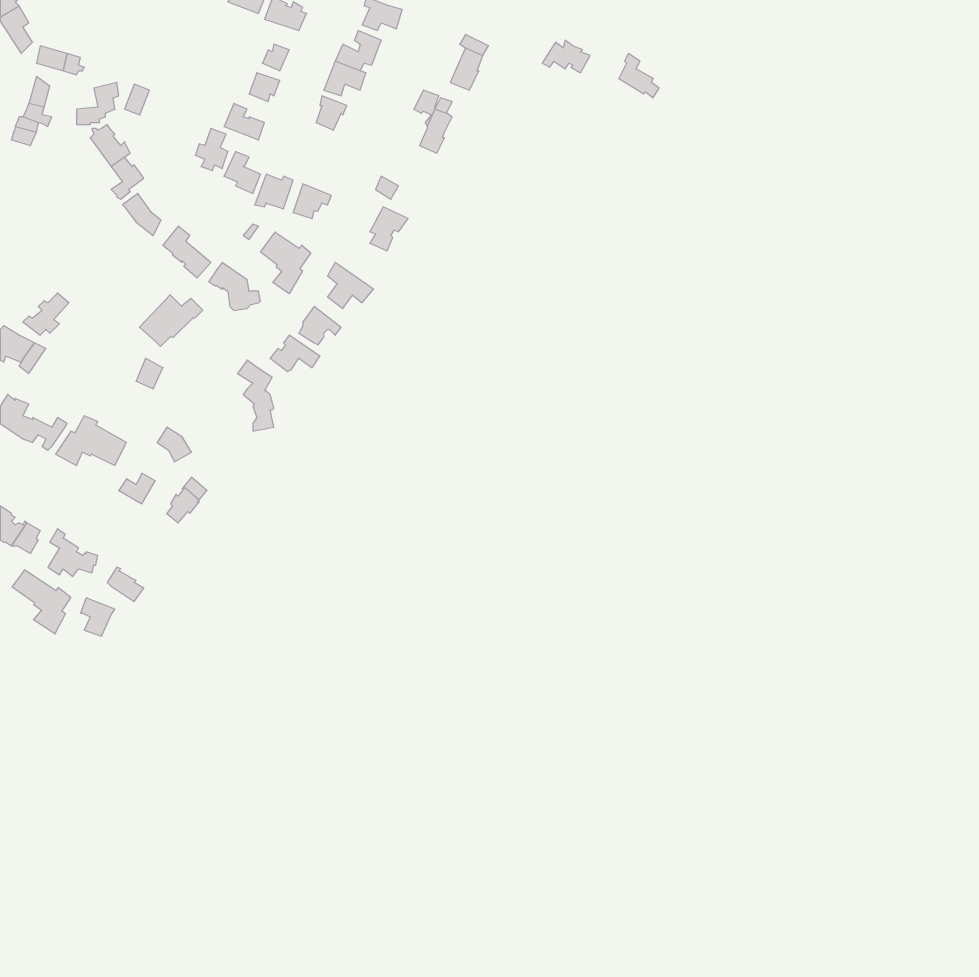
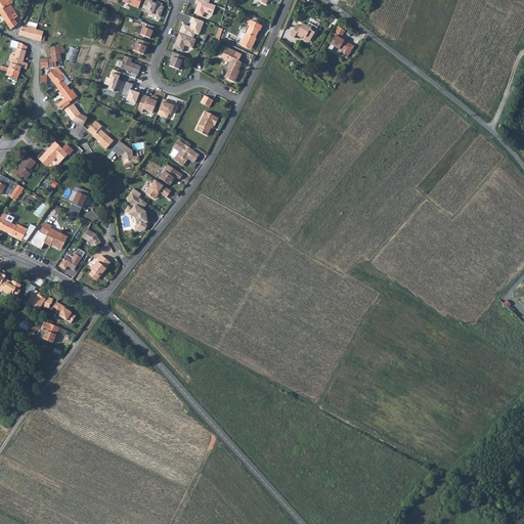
building: [260,232,311,294] -> none
building: [139,295,203,346] -> [41,141,75,169]
building: [12,570,71,634] -> none

